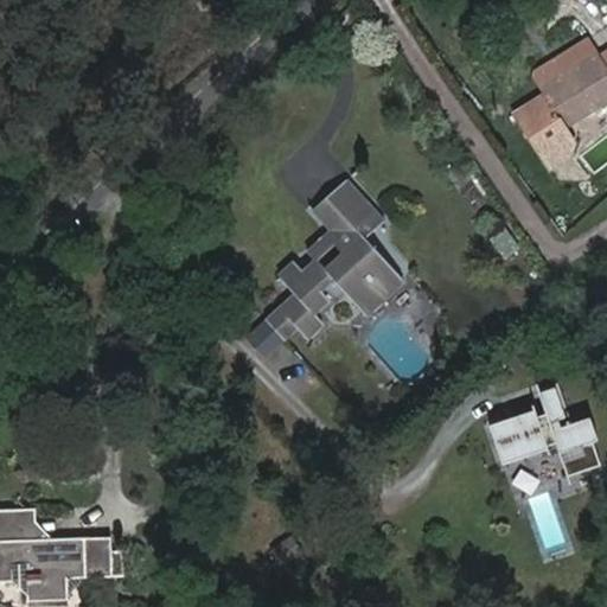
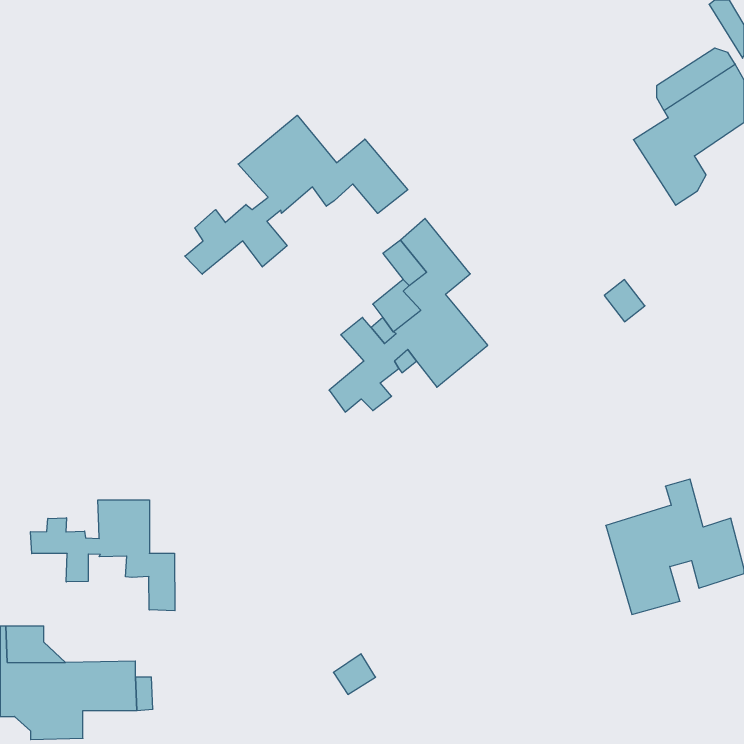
building: none -> [185,115,408,274]
building: none -> [31,500,175,611]

